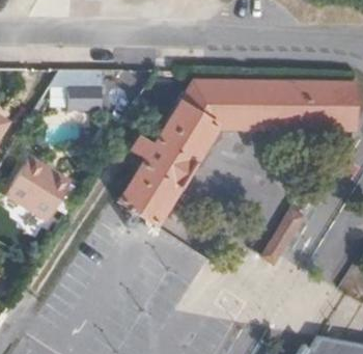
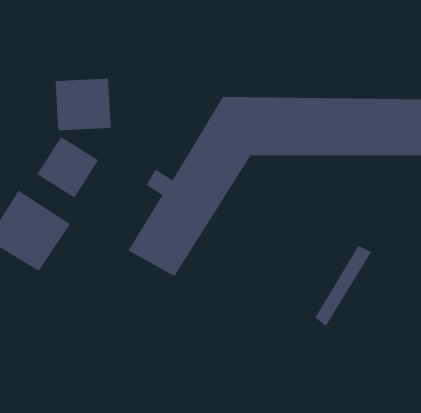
building: none -> [37,136,99,198]

